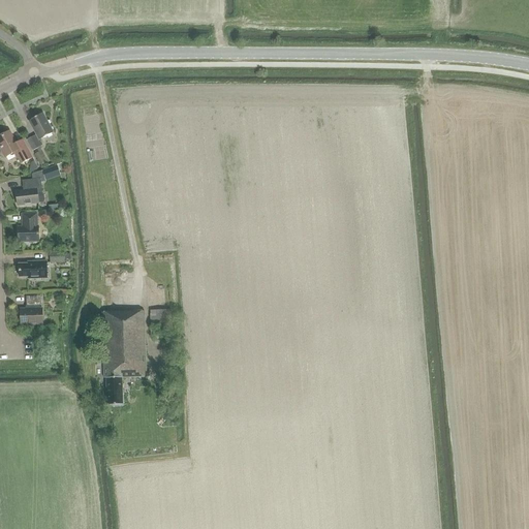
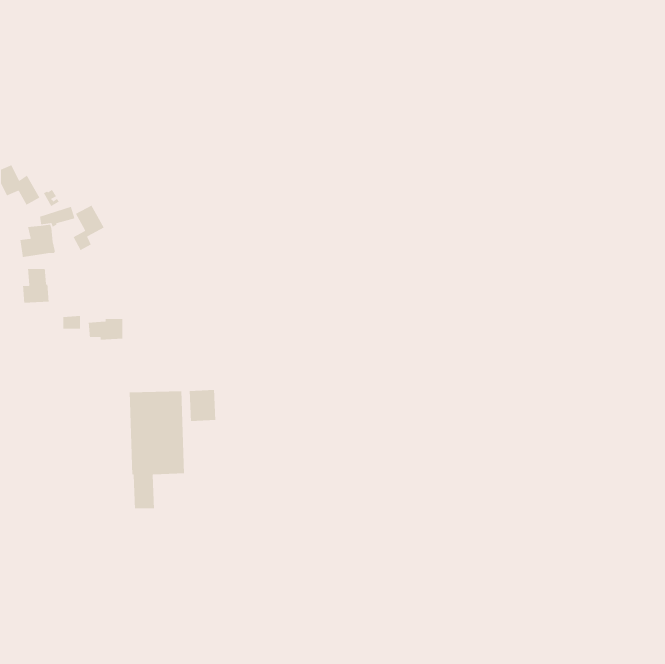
building: [27,113,53,150] -> [72,204,105,251]
building: [19,260,46,278] -> [88,318,123,340]
building: [21,294,42,324] -> none

